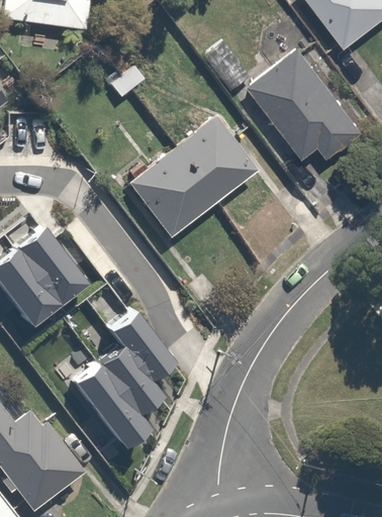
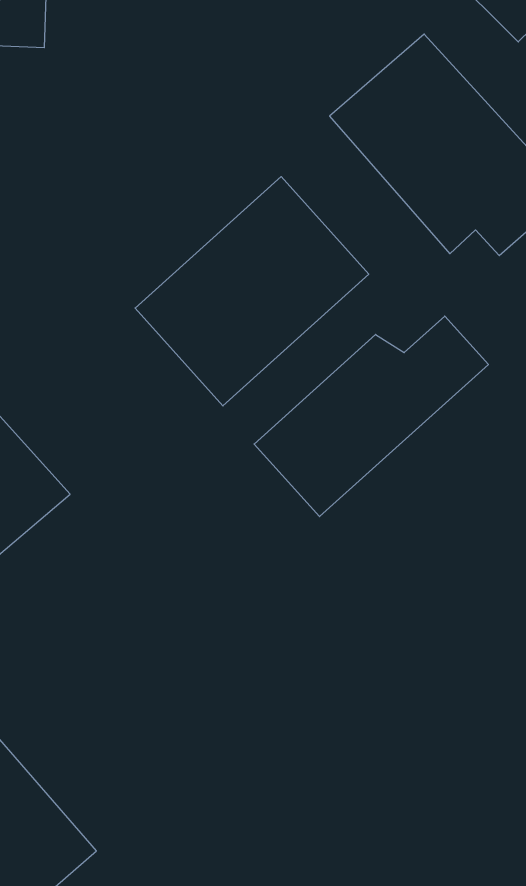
building: none -> [254,316,488,517]
building: [72,306,173,445] -> none

